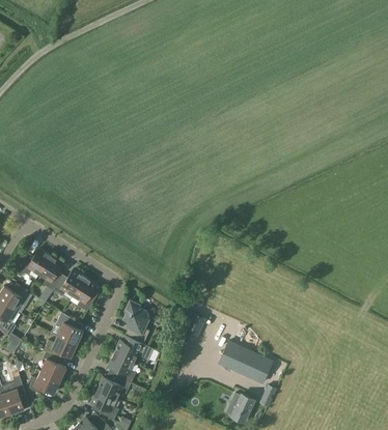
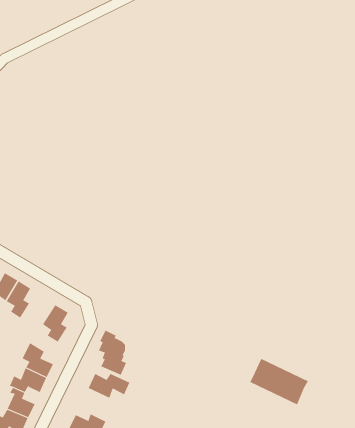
building: [53,269,84,296] -> none
building: [219,341,273,383] -> [249,358,309,405]
building: [108,353,136,383] -> none

